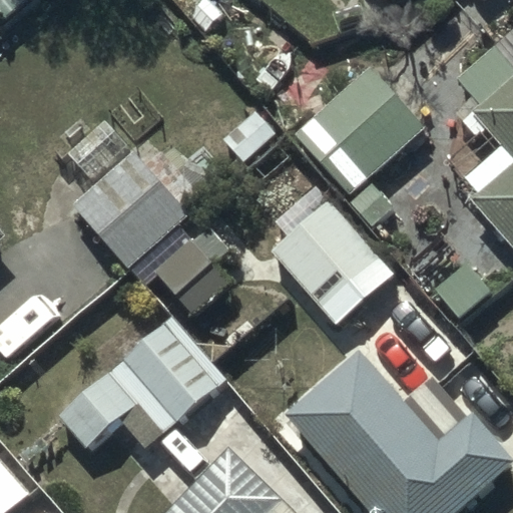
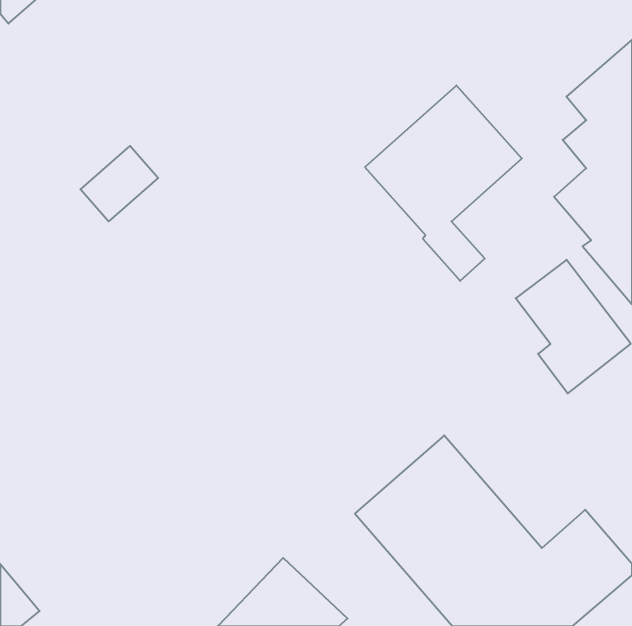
building: [75,153,189,268] -> none
building: [252,176,382,309] -> none
building: [60,317,227,448] -> none

